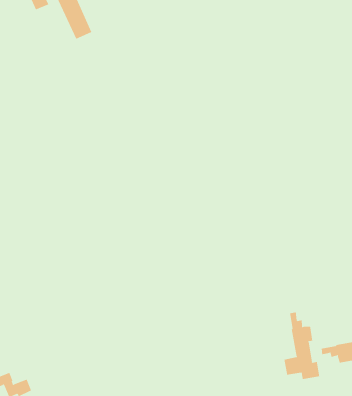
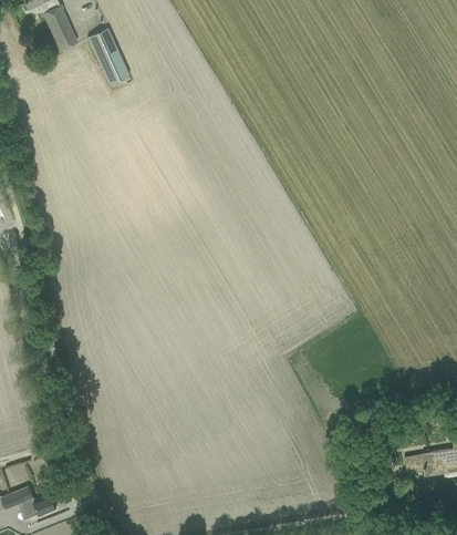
building: [284,312,320,380] -> none

